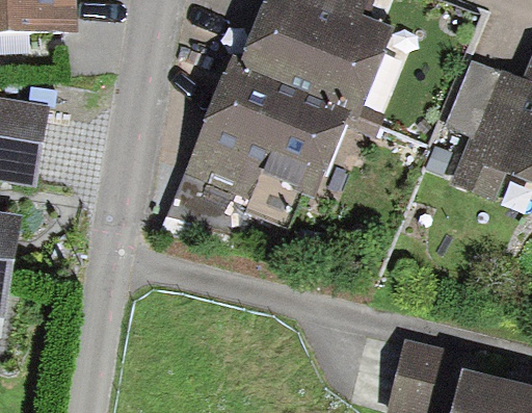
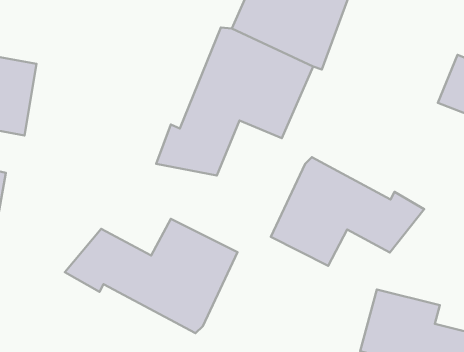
building: none -> [271,157,424,266]
building: none -> [65,219,238,333]

